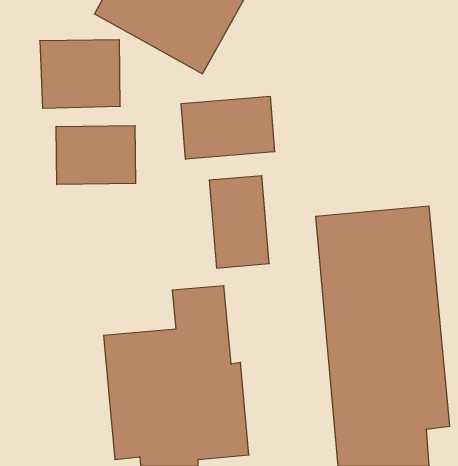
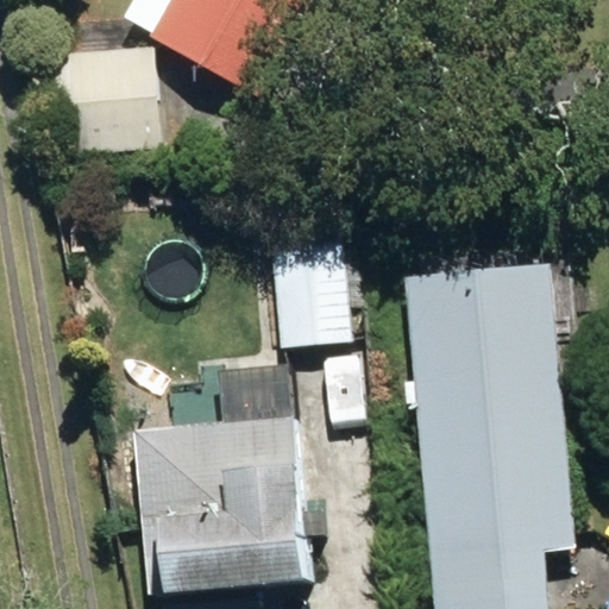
building: [181,96,275,159] -> none
building: [56,125,136,185] -> none

